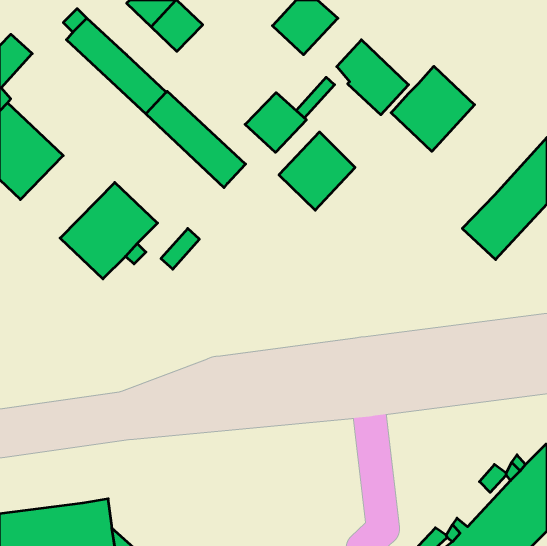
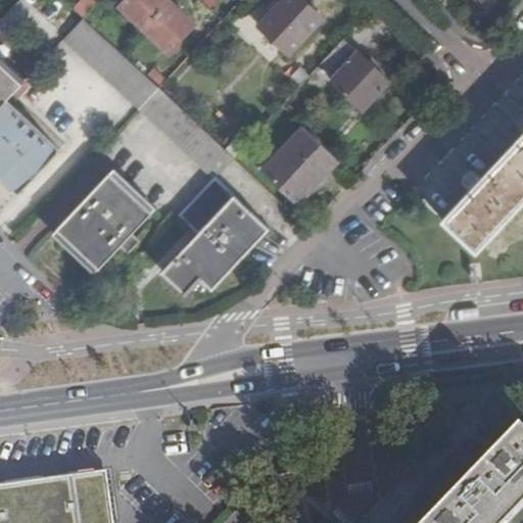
building: [391,66,475,151] -> none
building: [245,93,306,152] -> none
building: none -> [161,177,270,292]

